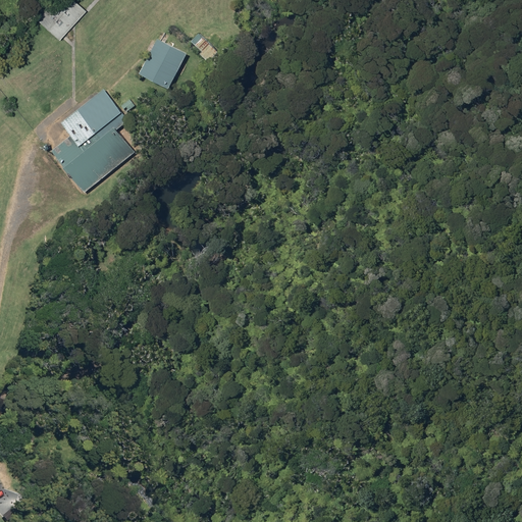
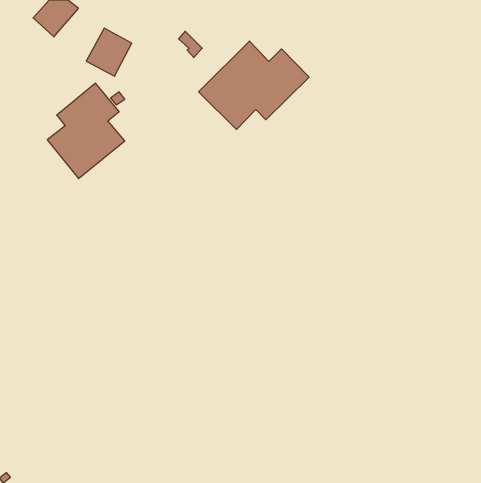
building: [138,38,187,90] -> [86,28,132,76]
building: none -> [199,41,309,129]

